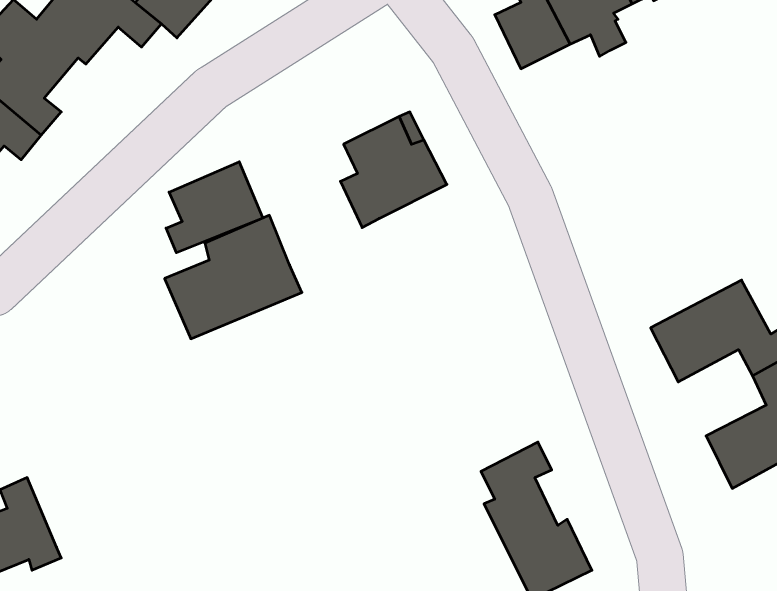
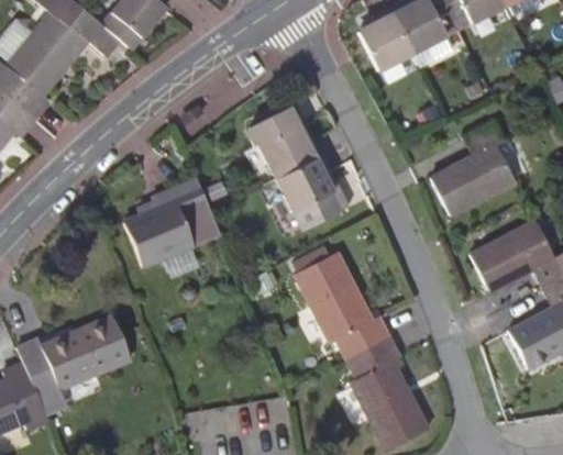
building: none -> [430,120,515,215]
building: [166,162,263,253] -> none
building: none -> [276,154,350,230]
building: none -> [296,253,389,358]
building: none -> [20,315,132,412]

